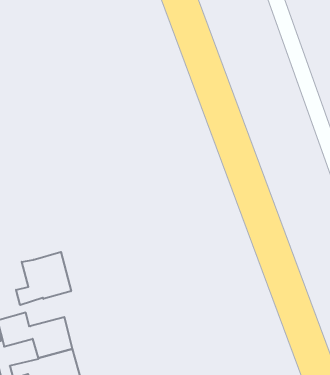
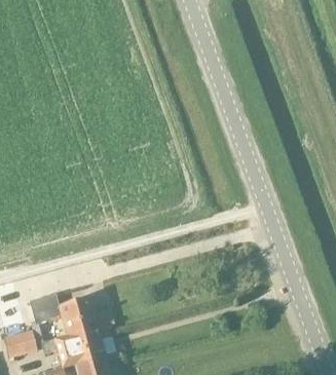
building: [16,252,71,305] -> none

